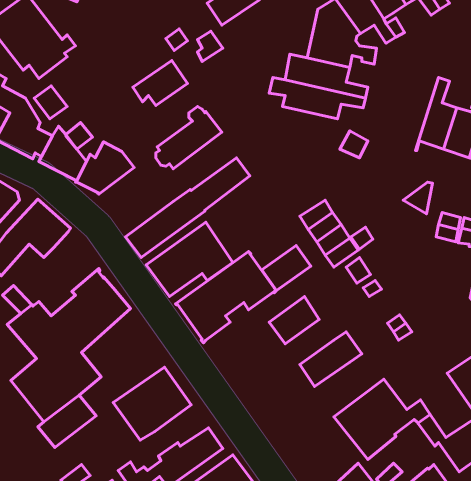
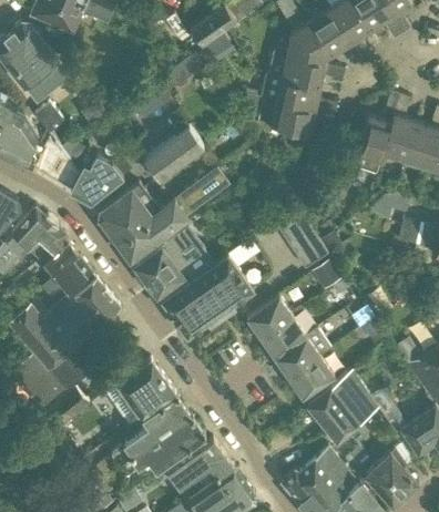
building: none -> [353,94,400,175]
building: none -> [99,185,159,243]
building: none -> [43,238,91,293]
building: [262,245,311,290] -> [261,318,305,359]
building: none -> [287,357,334,399]
building: none -> [120,396,191,457]

